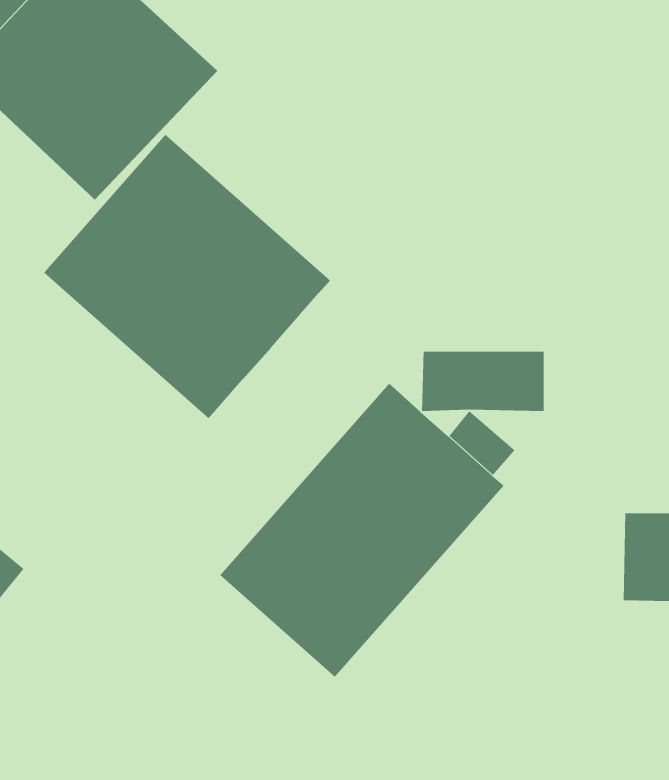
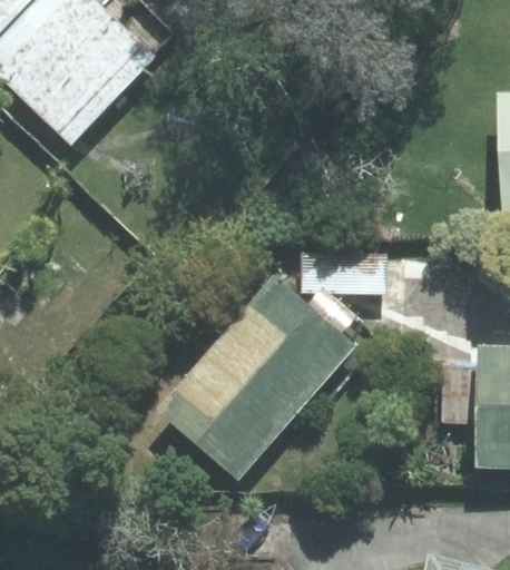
building: [43,134,331,419] -> none

